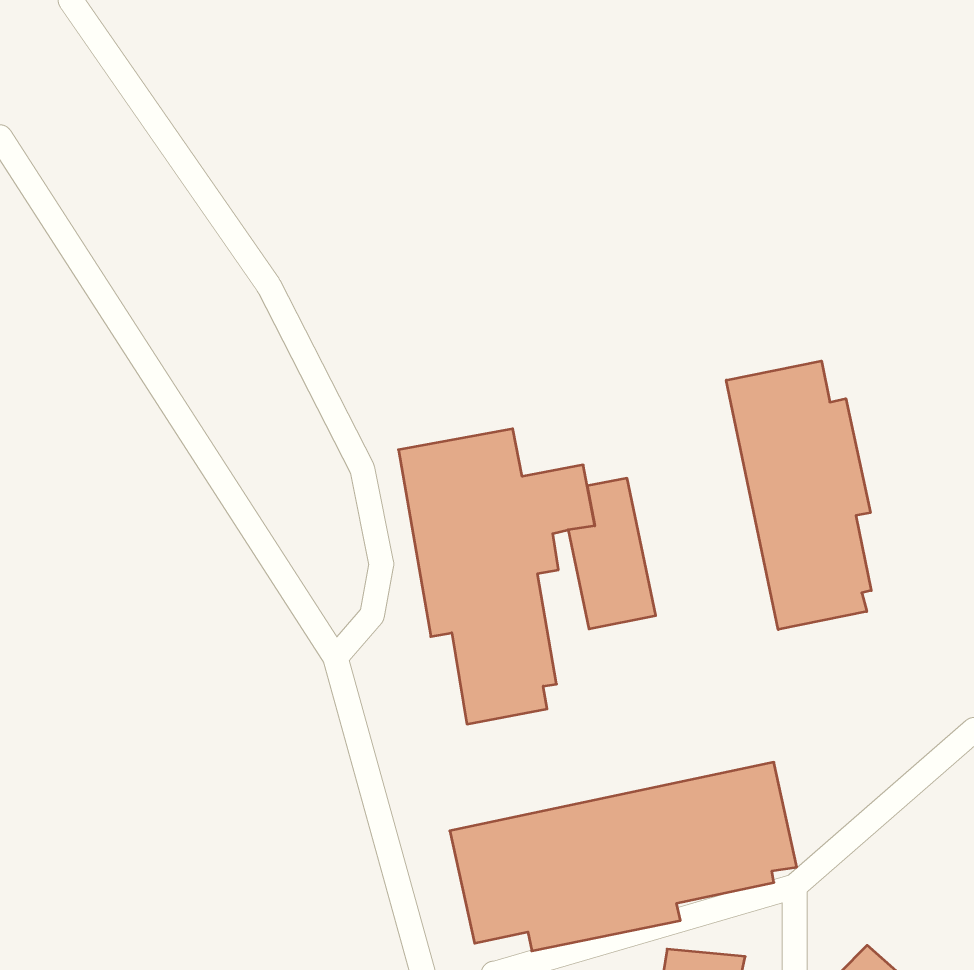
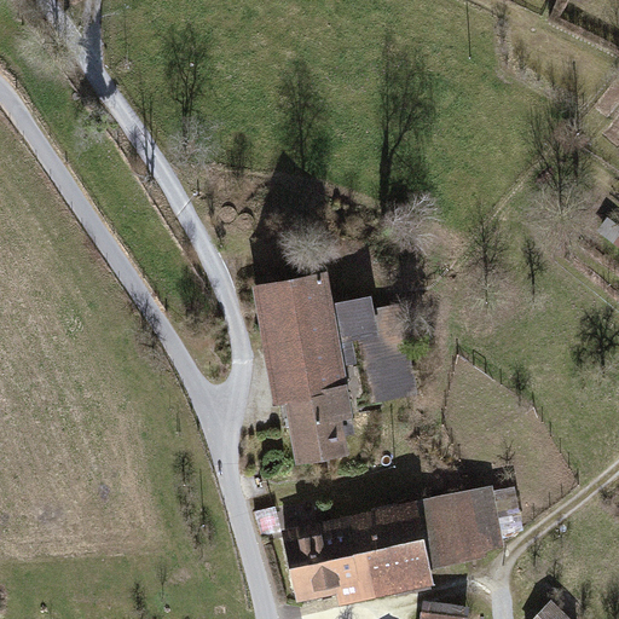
building: [726,361,871,630] -> none

